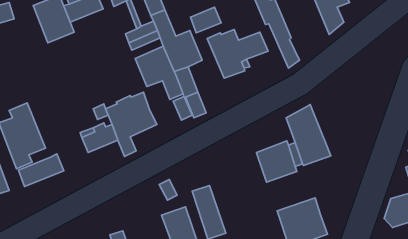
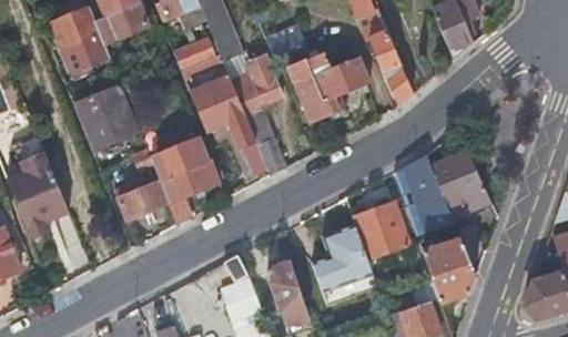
building: none -> [73,85,138,159]
building: none -> [429,150,488,212]
building: [18,154,64,187] -> none
building: none -> [314,222,371,286]
building: none -> [422,236,475,304]

